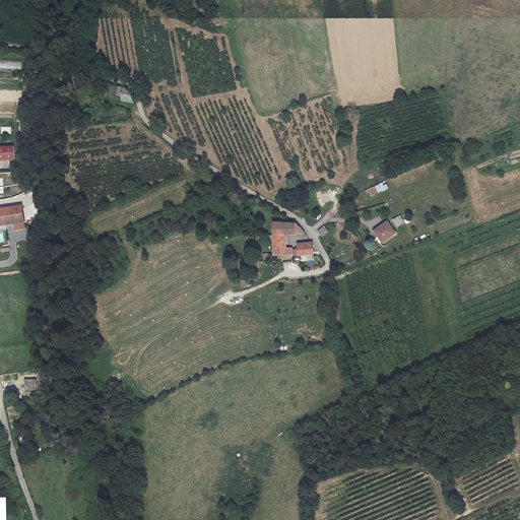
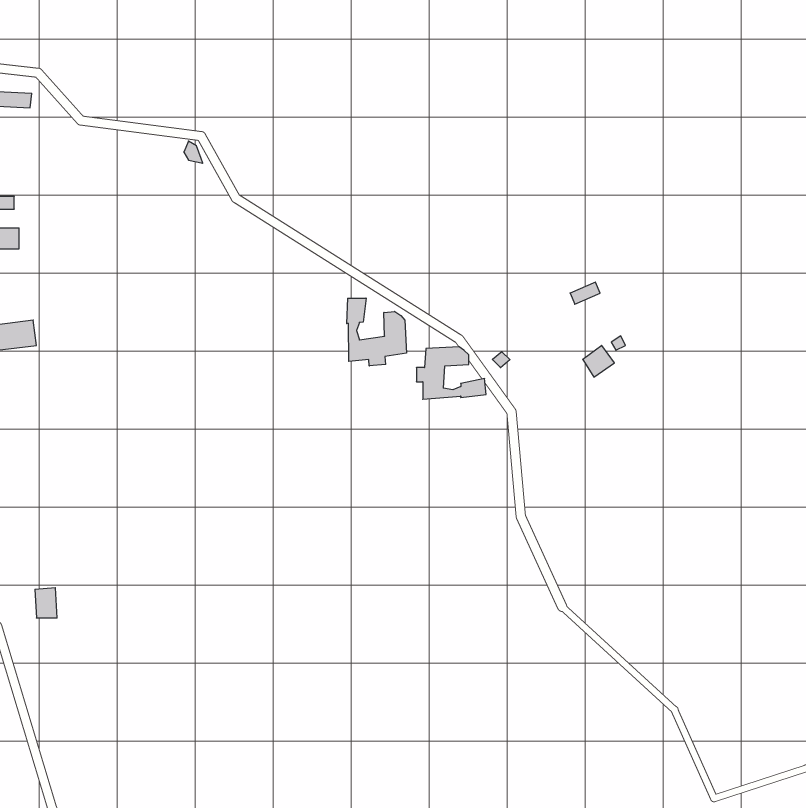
building: none -> [347,298,406,366]

